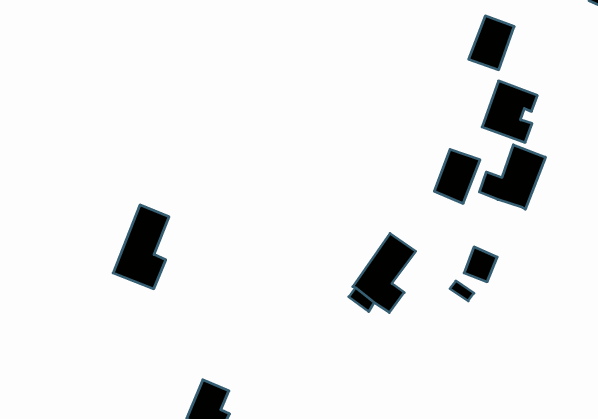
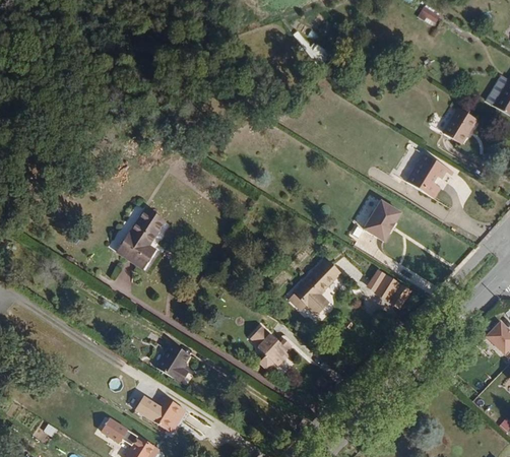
building: [469,16,514,70] -> [444,106,482,147]
building: [479,145,545,209] -> none
building: none -> [248,326,292,372]

